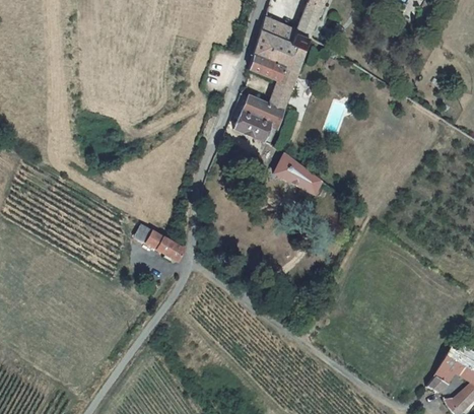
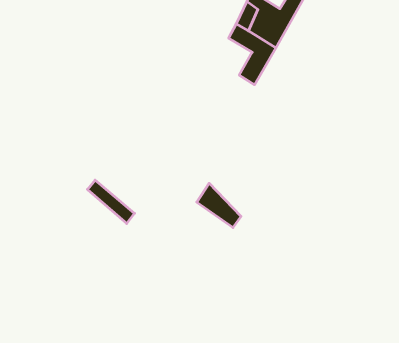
building: [235,98,283,142] -> none
building: [277,153,323,193] -> [197,183,241,228]

